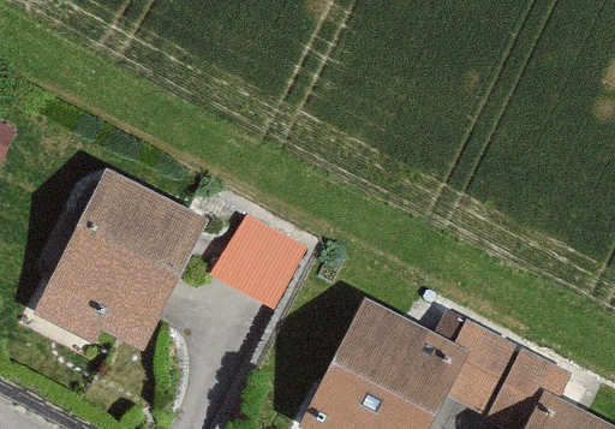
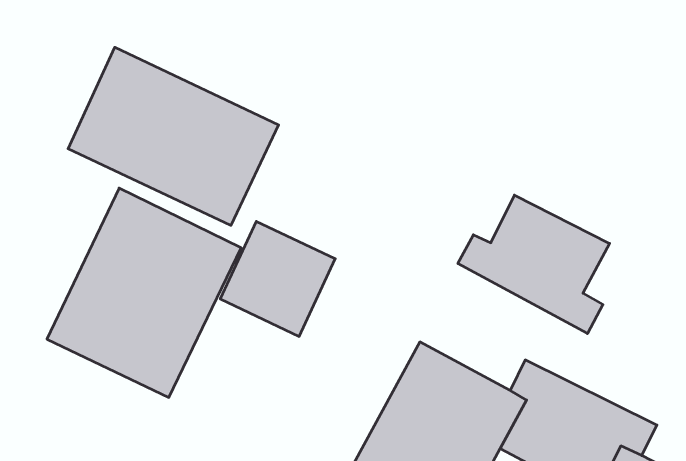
building: none -> [68,47,279,225]
building: none -> [458,195,610,334]

